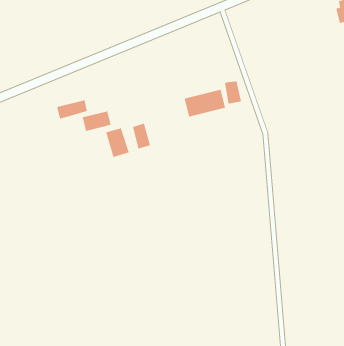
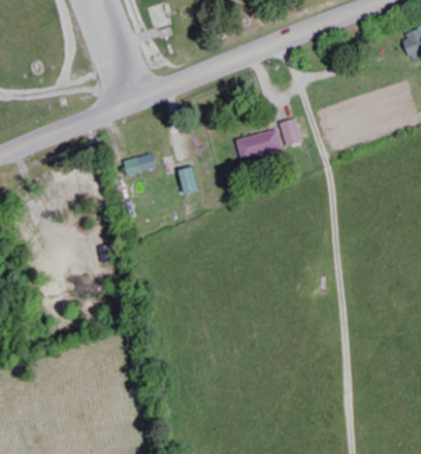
building: [57,99,88,119] -> none
building: [105,128,130,158] -> none

